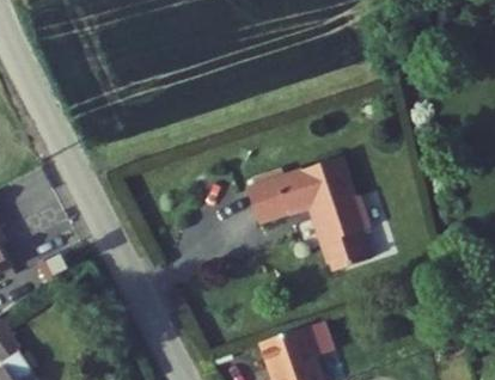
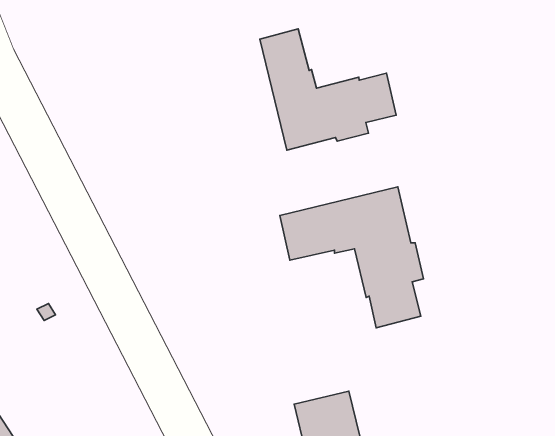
building: none -> [260,29,396,150]

